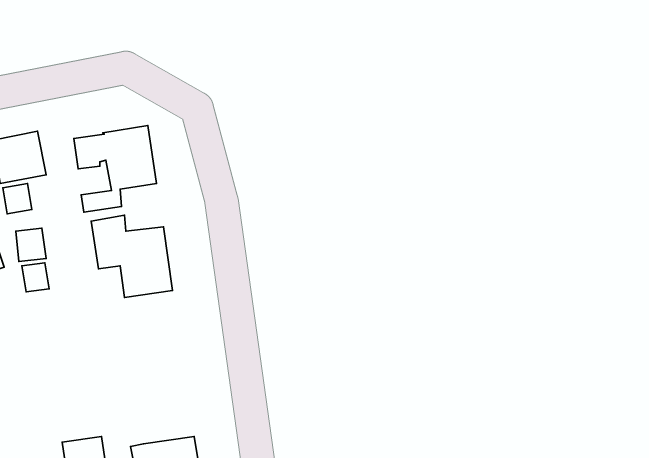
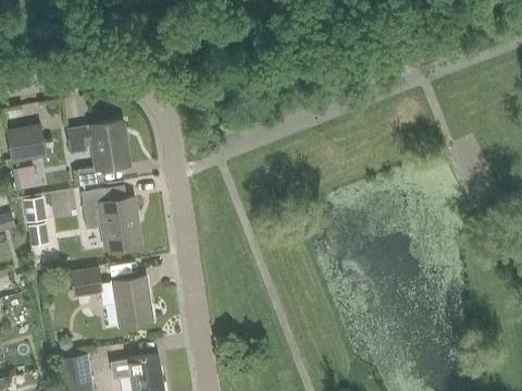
building: none -> [69,266,152,325]

